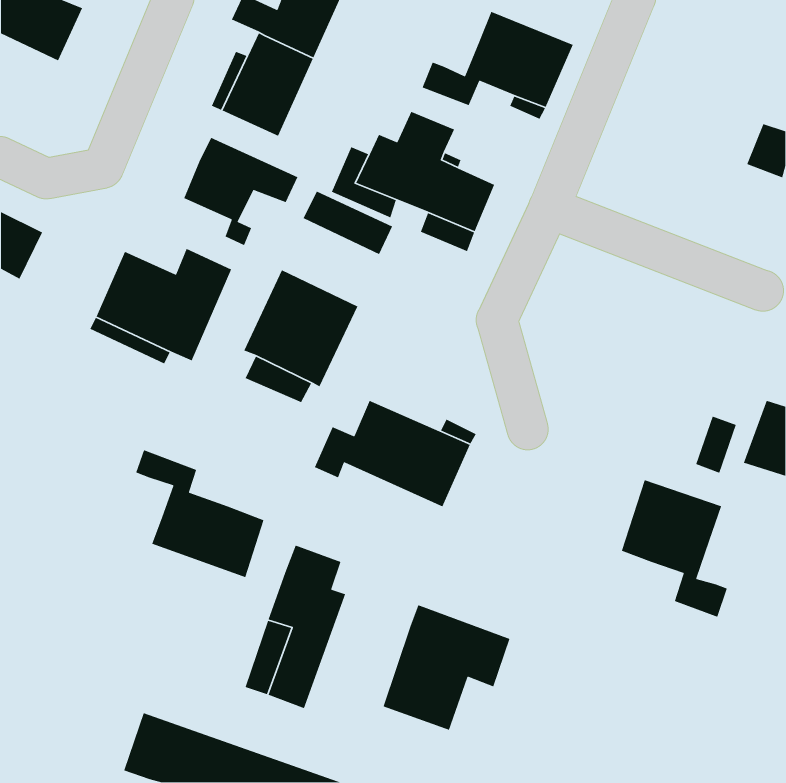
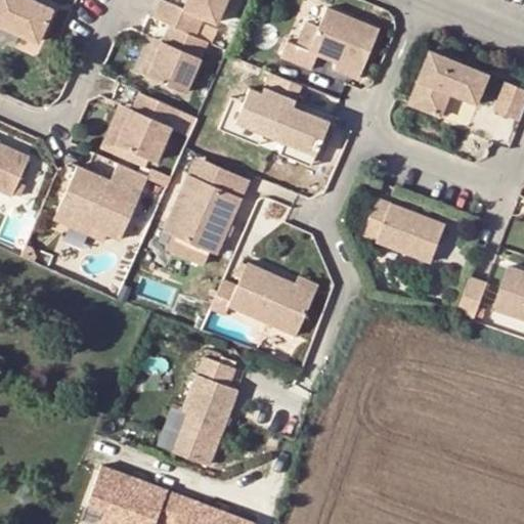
building: none -> [411,51,491,114]
building: none -> [104,102,154,158]
building: [303,191,393,255] -> [187,161,248,204]
building: none -> [364,198,447,263]
building: [135,449,264,578] -> none
building: [621,479,728,618] -> none
building: [383,604,511,731] -> none

